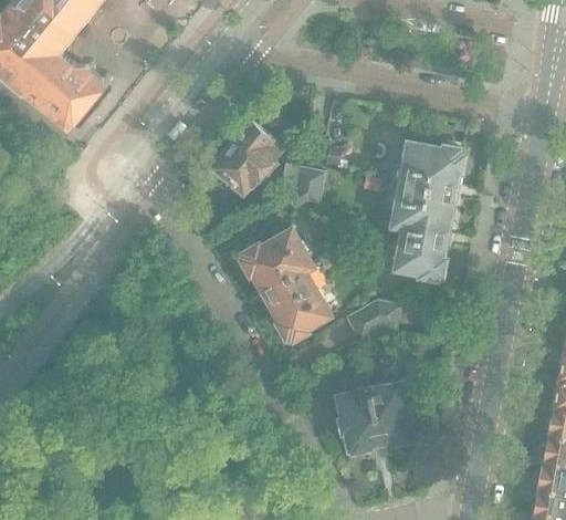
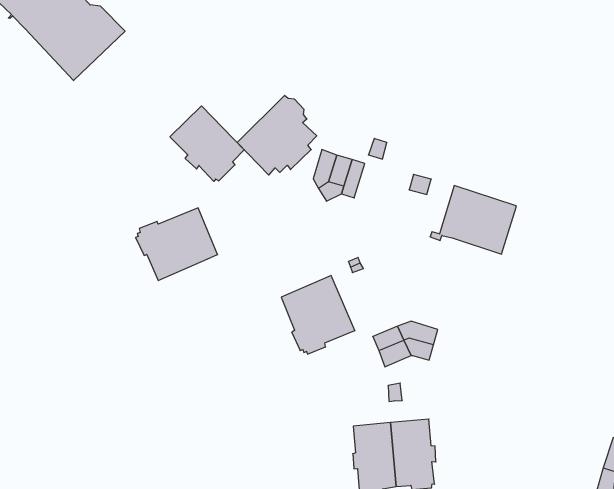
building: none -> [170,106,244,181]
building: [400,143,464,195] -> none
building: [396,228,447,280] -> none
building: [242,229,313,294] -> [136,208,218,281]

